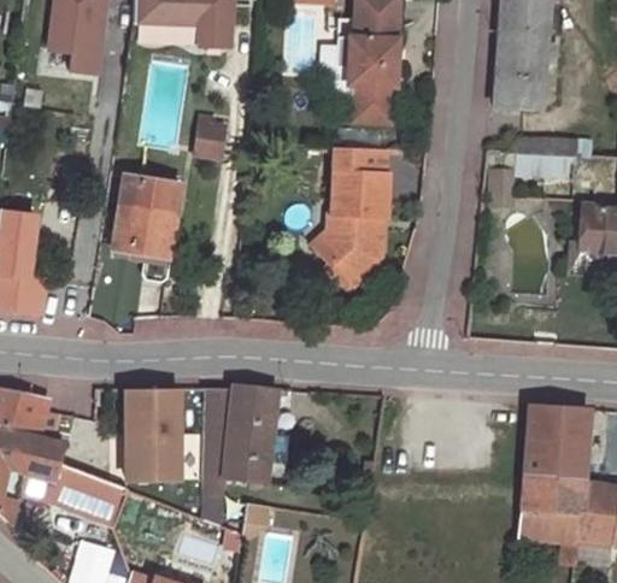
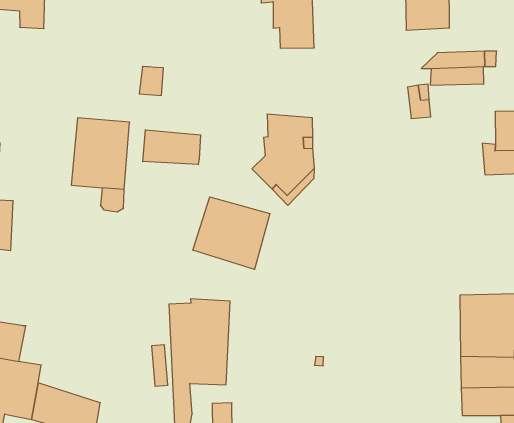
building: [334,147,389,196] -> none
building: none -> [143,130,201,165]
building: none -> [193,197,270,269]
building: [127,388,180,479] -> none

